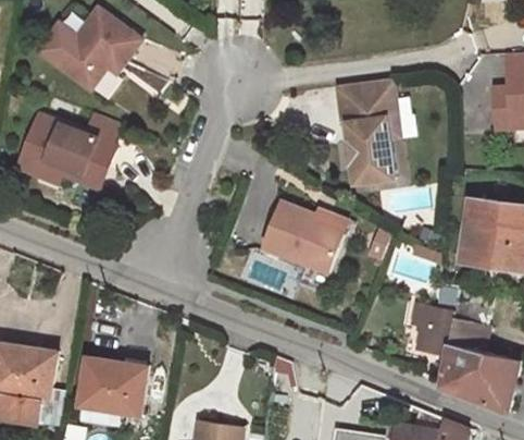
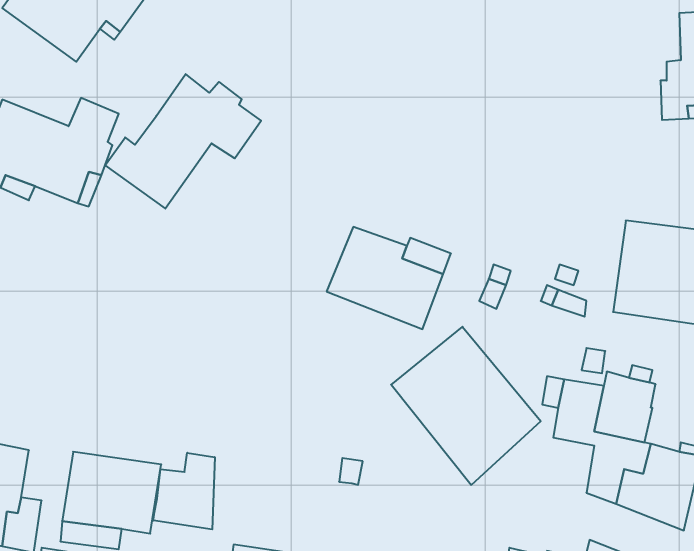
building: [337,77,400,182] -> none
building: none -> [105,74,261,209]
building: none -> [391,327,541,485]
building: none -> [153,453,215,529]

